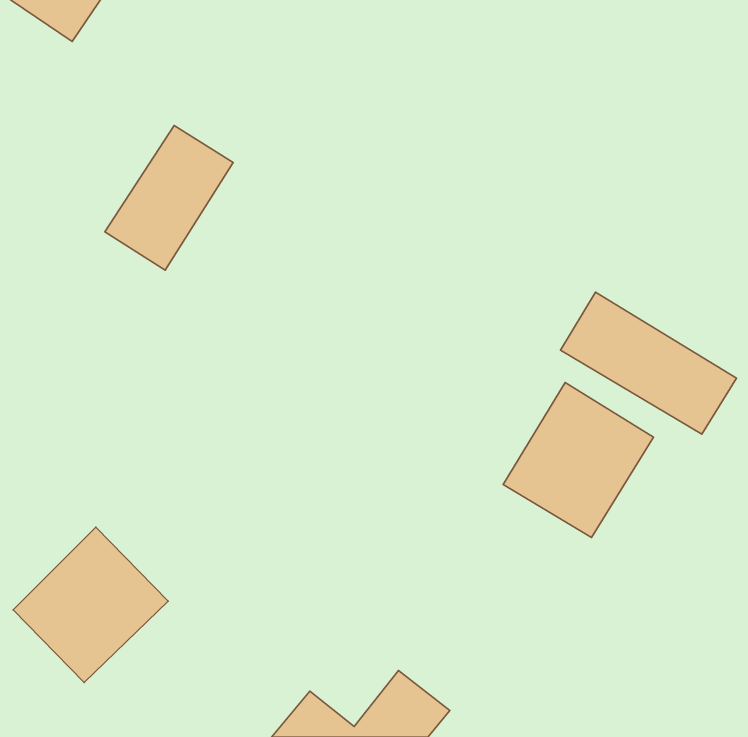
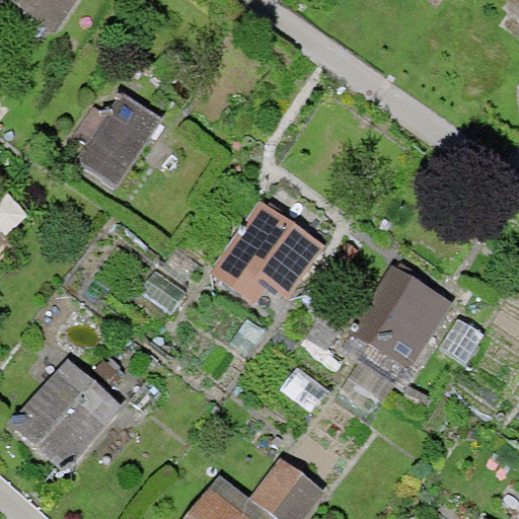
building: [561,292,736,434] -> none
building: none -> [212,206,327,319]

